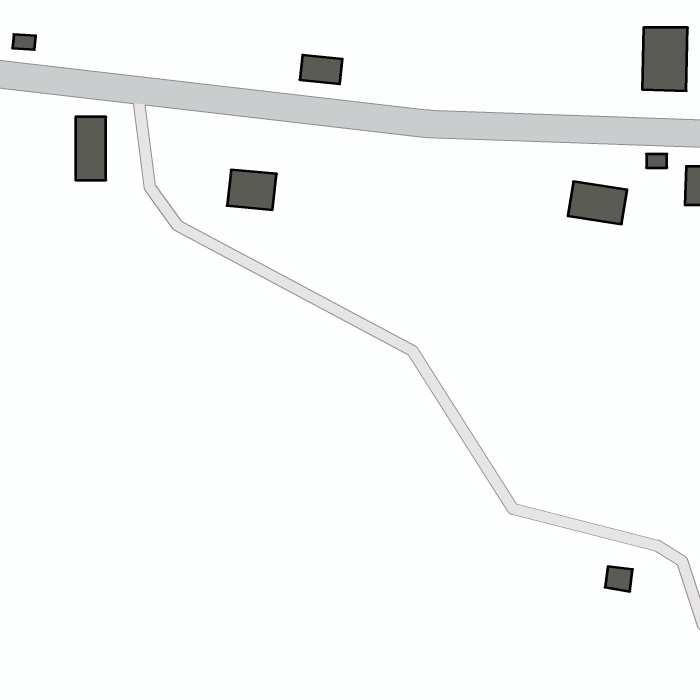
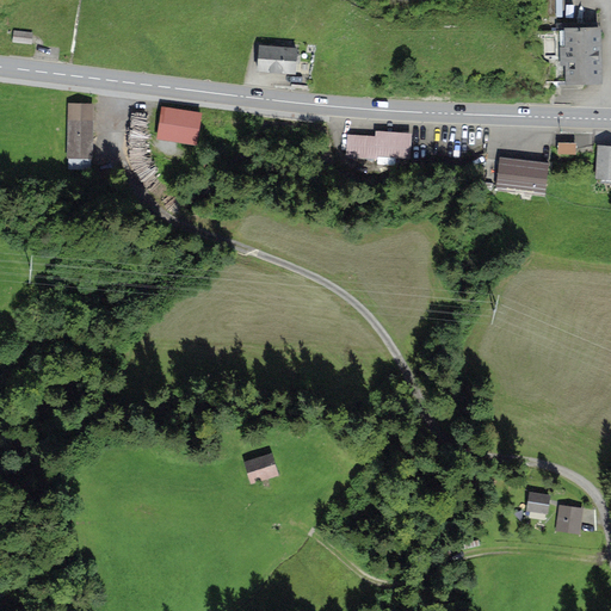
building: none -> [354,131,414,163]
building: [227,170,277,210] -> [158,107,200,142]
building: none -> [241,453,274,485]
building: none -> [560,505,585,533]

